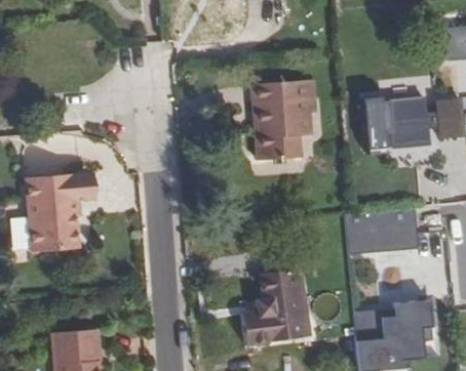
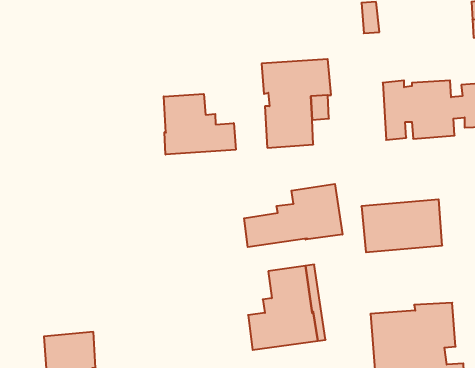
building: none -> [164,94,236,155]
building: [26,173,88,249] -> none
building: none -> [244,184,342,247]

